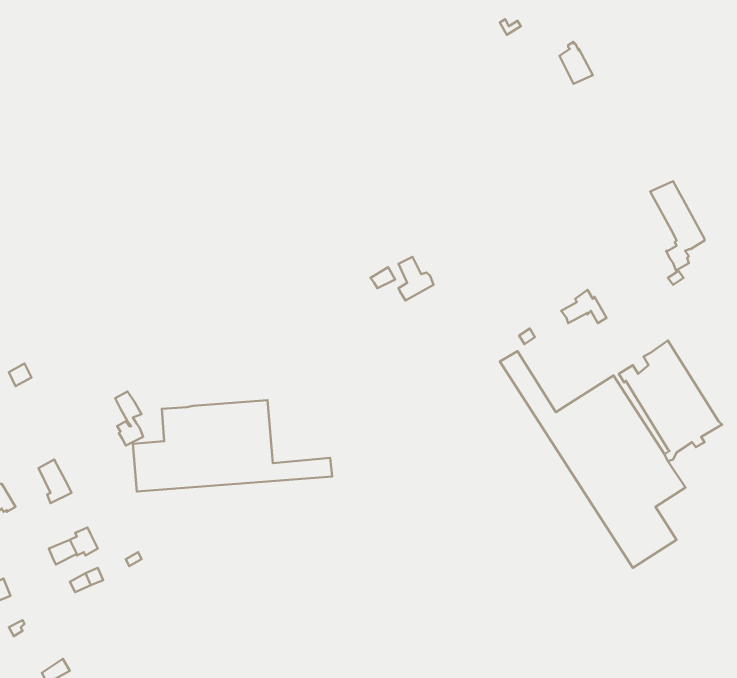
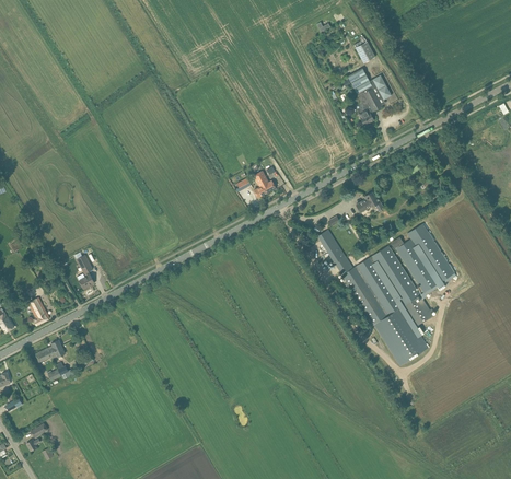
building: [650,181,705,272] -> [348,69,382,126]
building: [133,400,332,492] -> none

